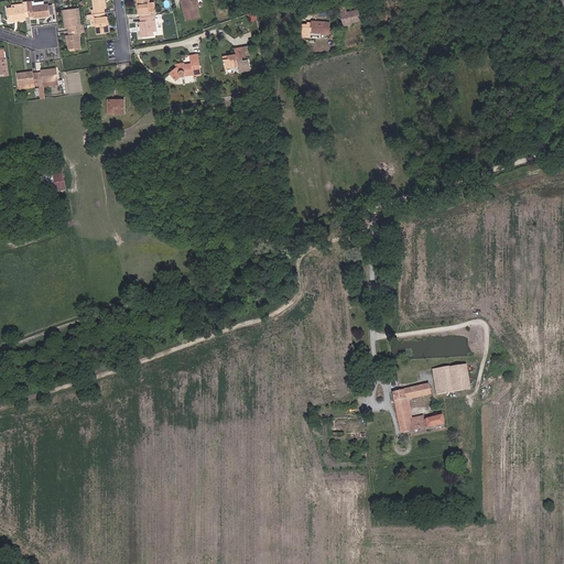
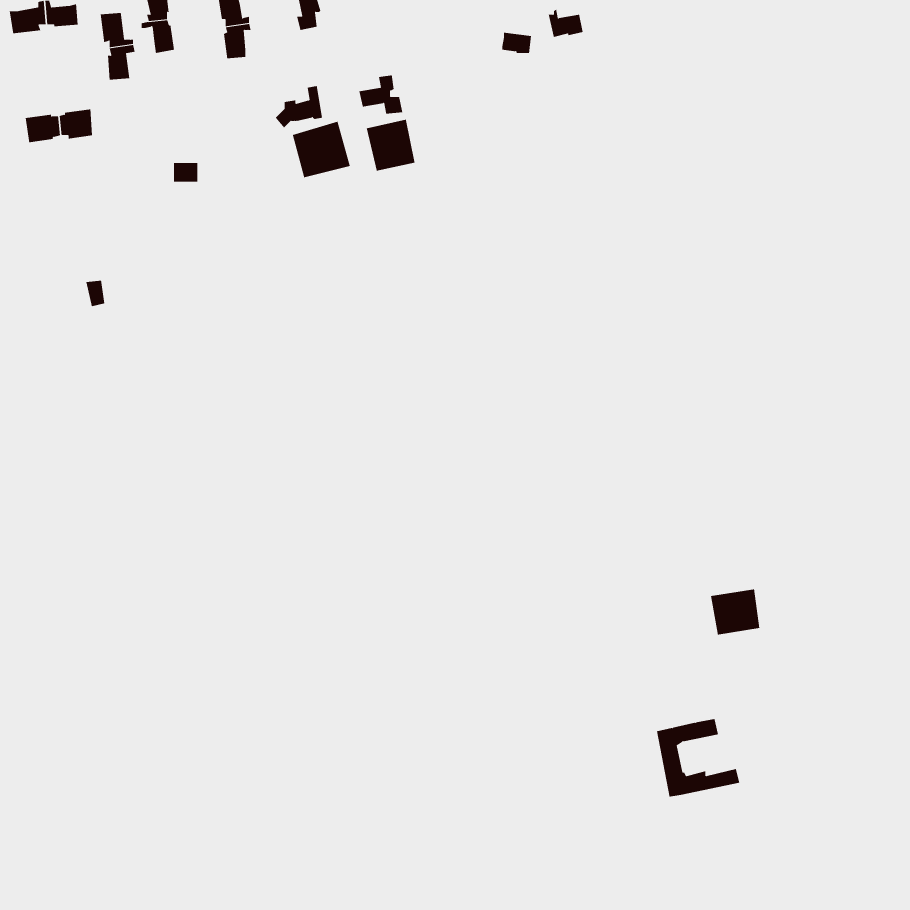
building: none -> [366,119,415,172]
building: none -> [292,121,350,178]
building: [392,383,444,432] -> [656,719,740,797]

